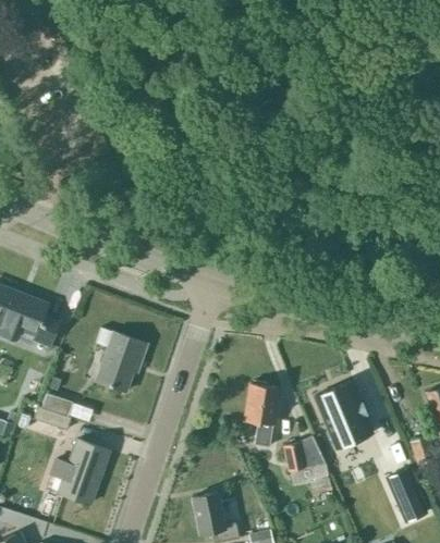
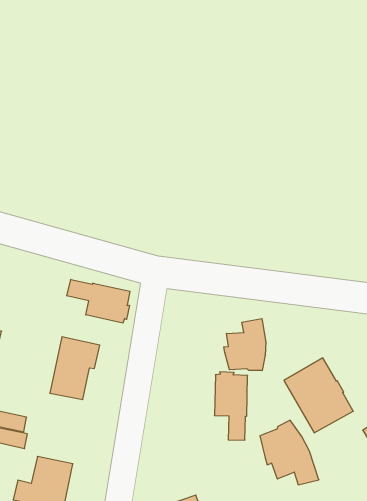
building: none -> [67,279,130,323]
building: none -> [224,319,266,371]

